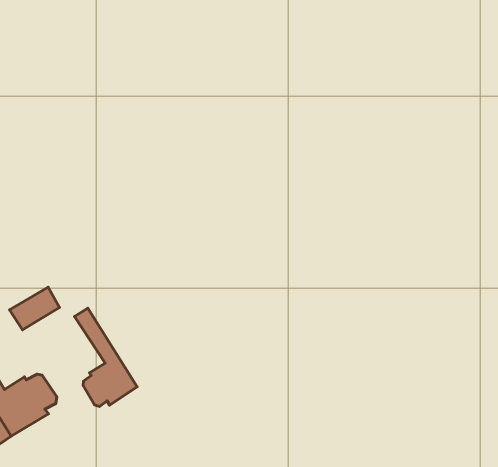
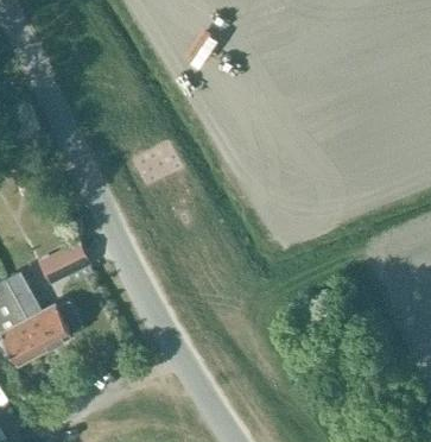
building: [74,308,137,407] -> none

